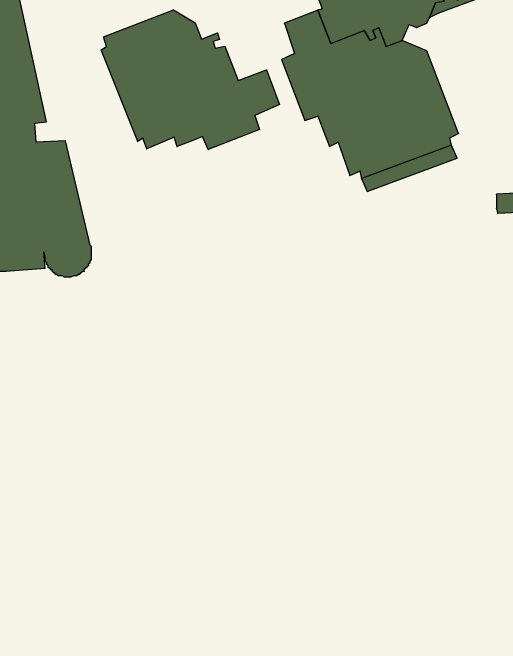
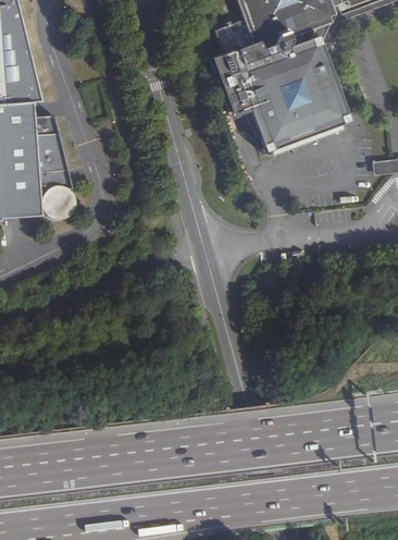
building: [101,10,280,150] -> none

